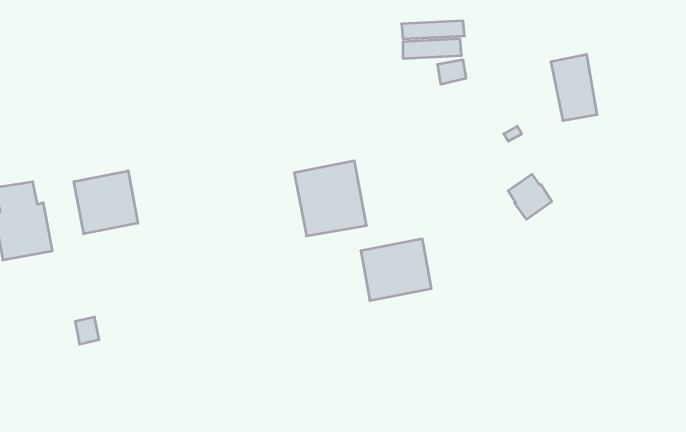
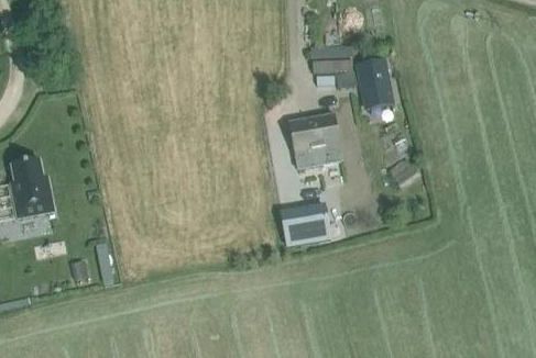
building: [551,54,597,121] -> [358,58,392,107]
building: [294,161,367,236] -> [289,112,342,167]
building: [74,171,138,234] -> none

